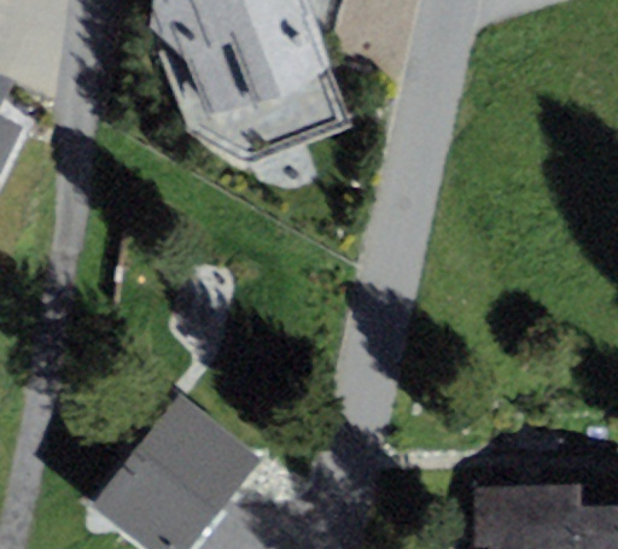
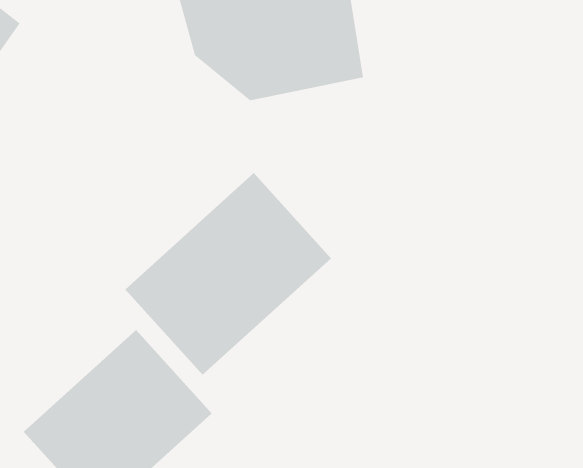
building: none -> [124,172,332,376]

